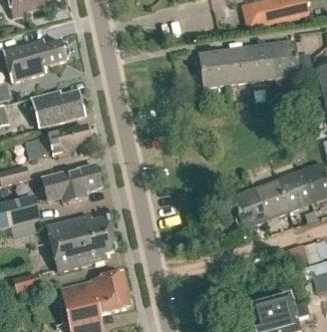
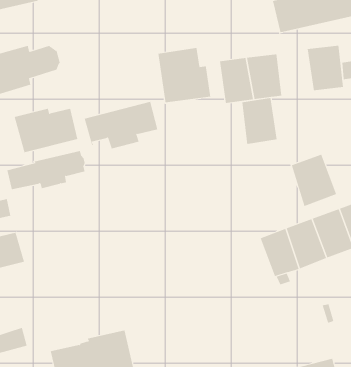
building: none -> [158,47,211,103]
building: [245,43,274,81] -> [242,97,277,144]
building: none -> [291,154,337,207]
building: [41,164,101,204] -> [84,101,158,149]
building: [46,215,116,272] -> none

